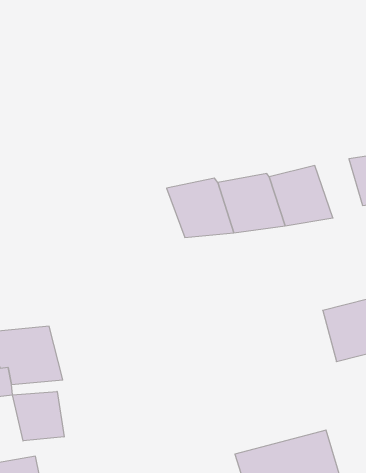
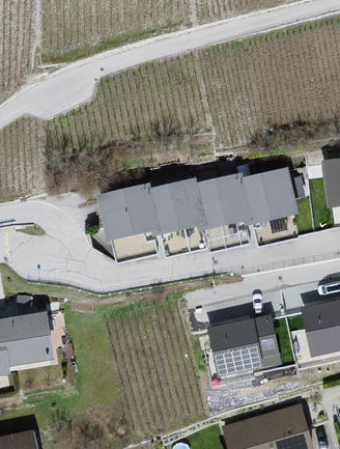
building: none -> [100,181,171,240]
building: none -> [201,306,274,365]
building: [13,391,64,441] -> none

